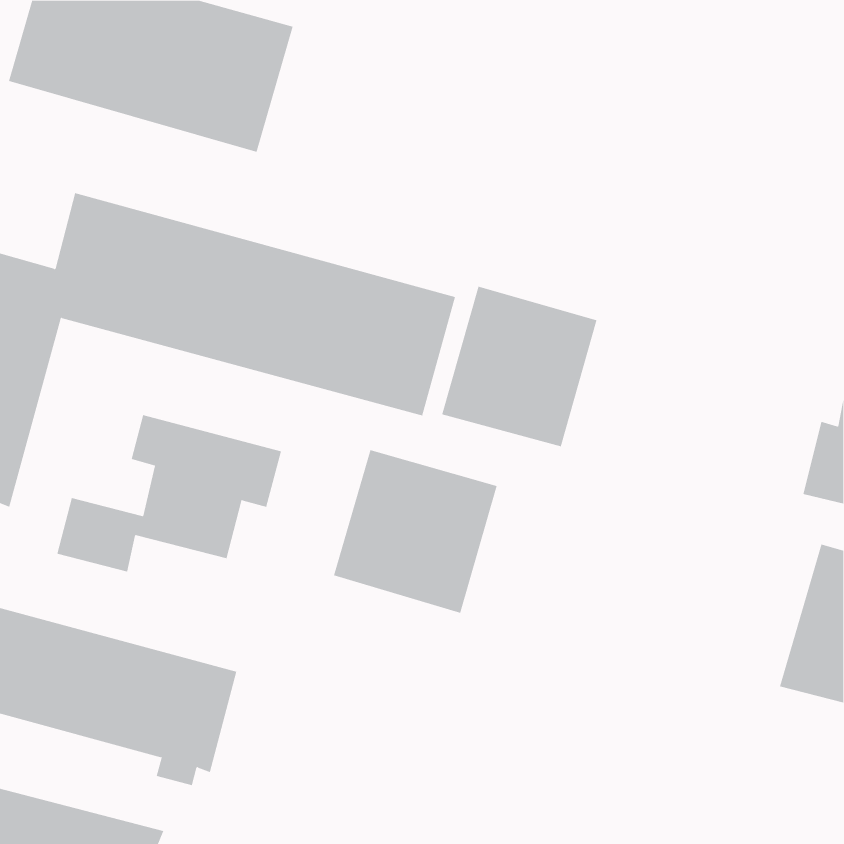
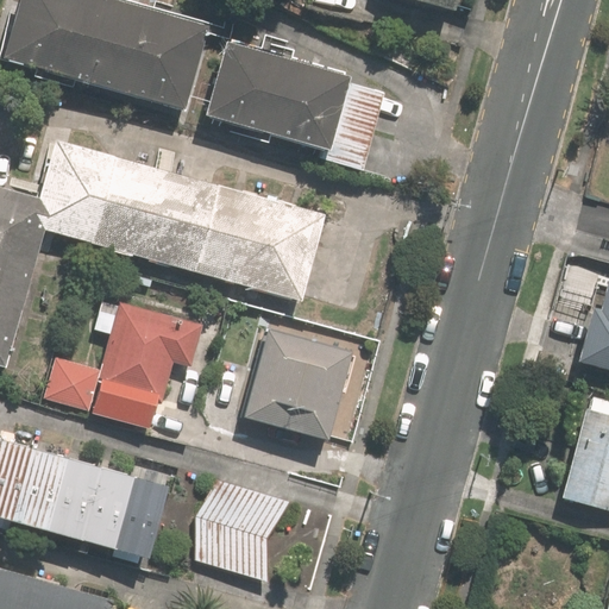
building: none -> [207,39,385,172]
building: [441,286,597,447] -> none
building: none -> [193,483,287,579]

